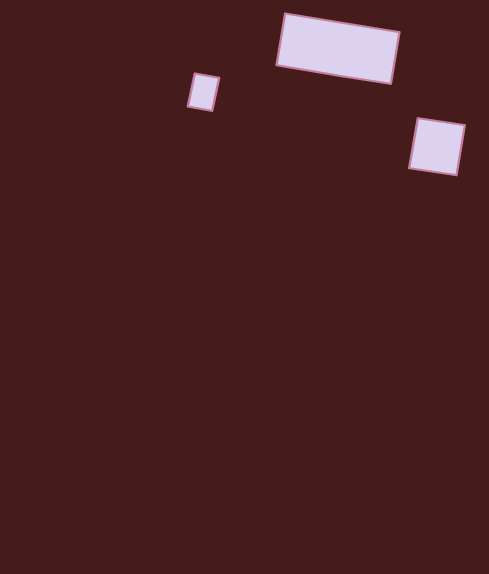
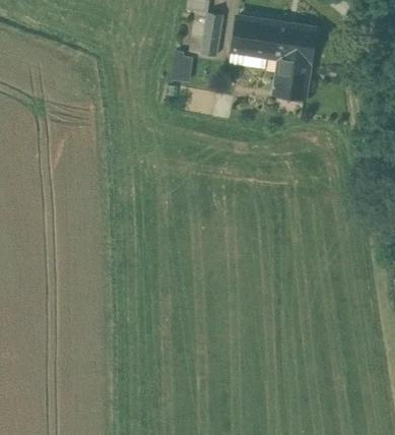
building: none -> [200,12,223,57]
building: [409,118,465,175] -> [274,59,314,100]

